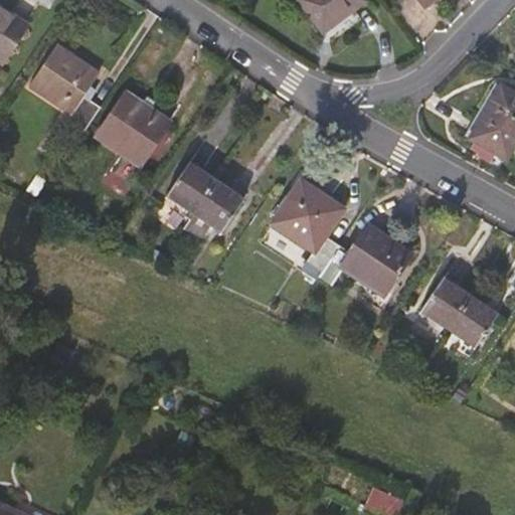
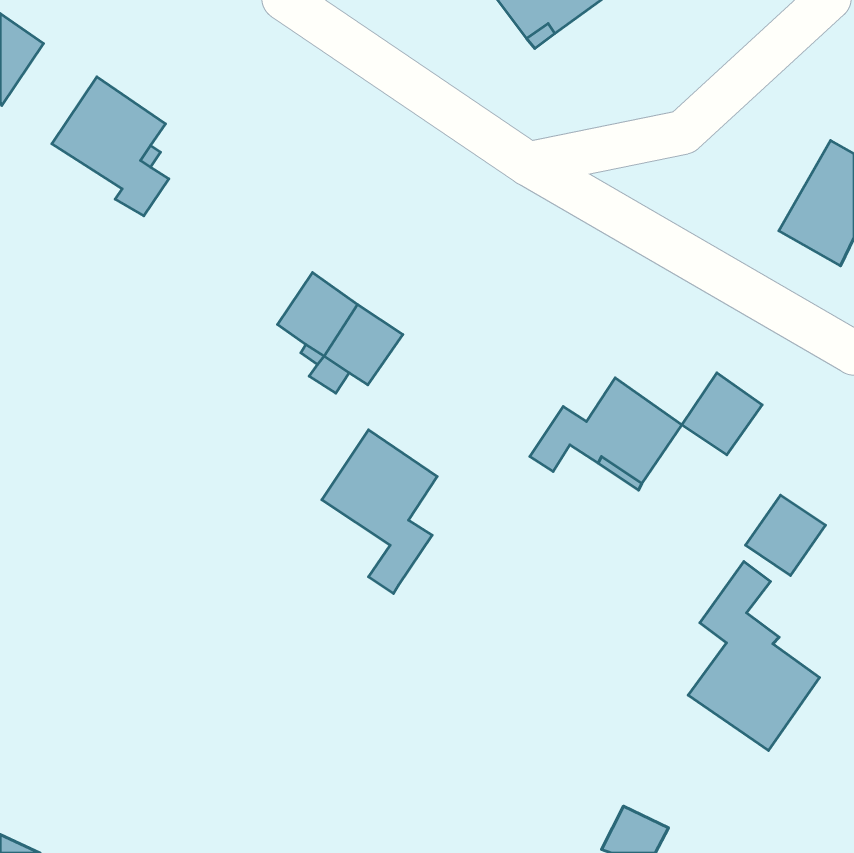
building: [96,93,169,167] -> none
building: [273,181,342,280] -> [322,430,437,594]
building: [421,279,470,328] -> [682,373,762,455]
building: none -> [688,562,819,750]

